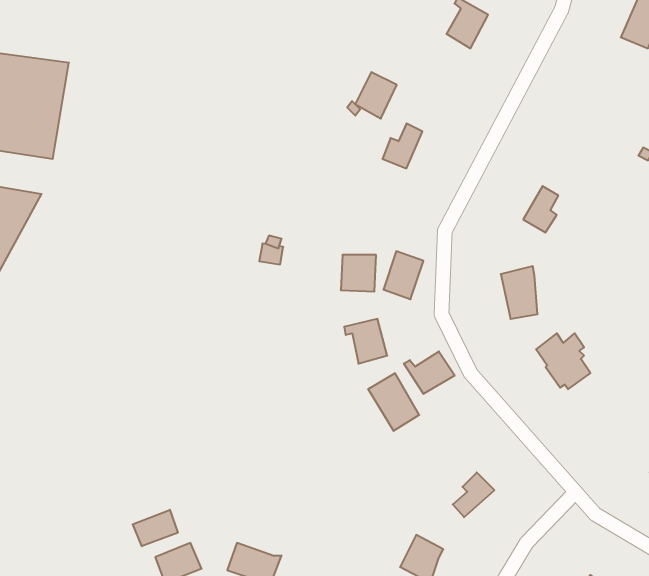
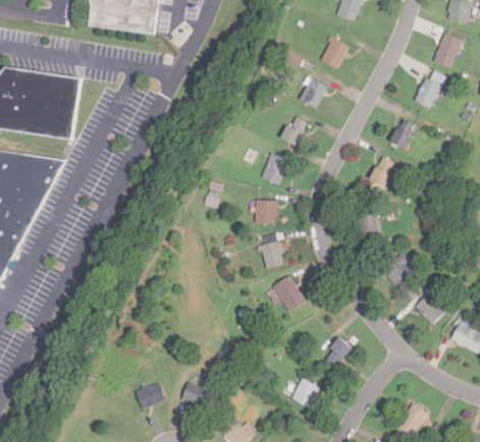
building: none -> [415,78,441,108]
building: [355,72,397,119] -> [301,78,327,108]
building: none -> [390,118,414,150]
building: [383,251,423,299] -> [262,153,287,183]
building: [404,351,455,394] -> none
building: none -> [416,294,443,323]
building: [133,510,178,546] -> none

